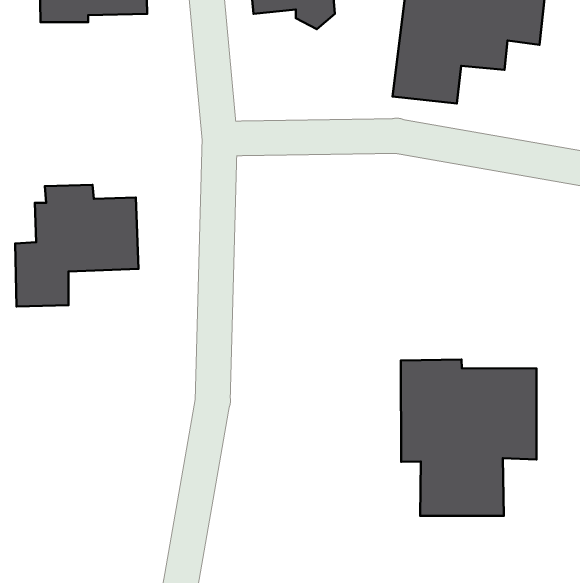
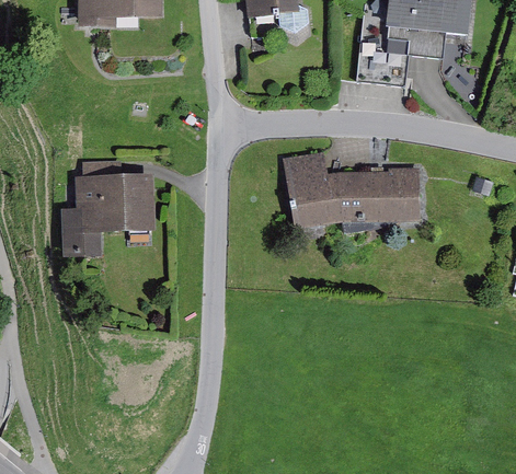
building: none -> [283,148,421,228]
building: [401,359,537,516] -> none

